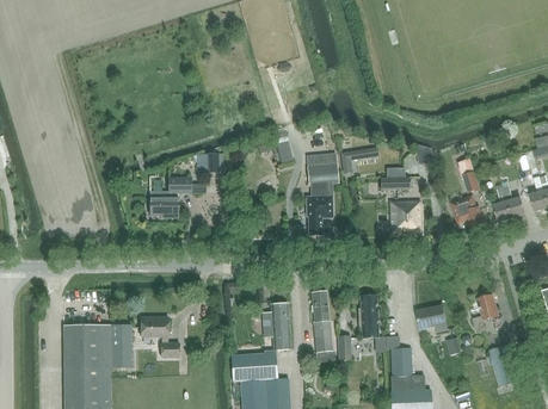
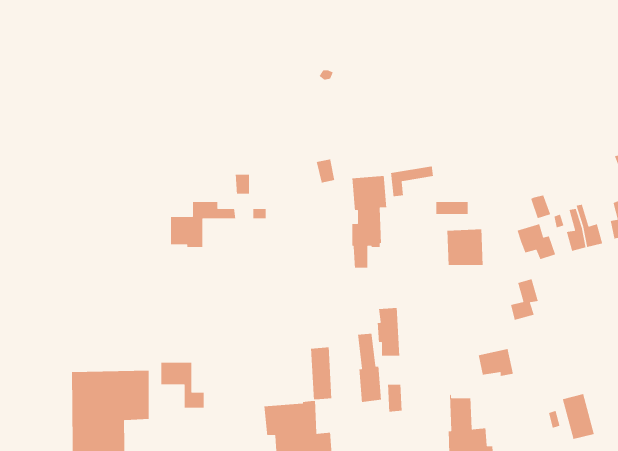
building: [358,296,378,339] -> [377,307,400,356]
building: [473,296,498,333] -> [510,278,539,321]

